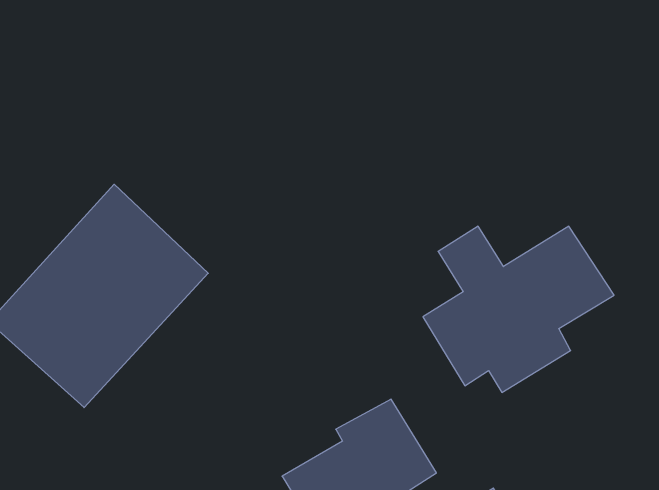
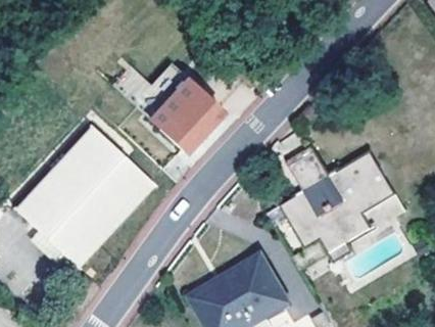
building: none -> [149,79,220,149]

